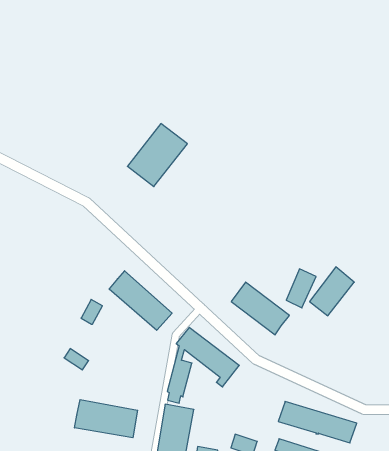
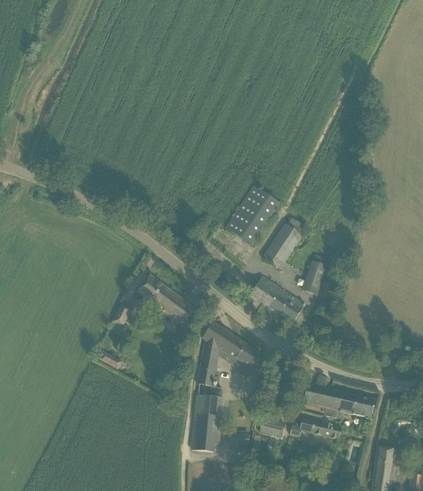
building: [127,124,187,187] -> [225,186,279,245]
building: [310,267,354,316] -> [262,223,302,269]
building: [75,400,138,438] -> none

